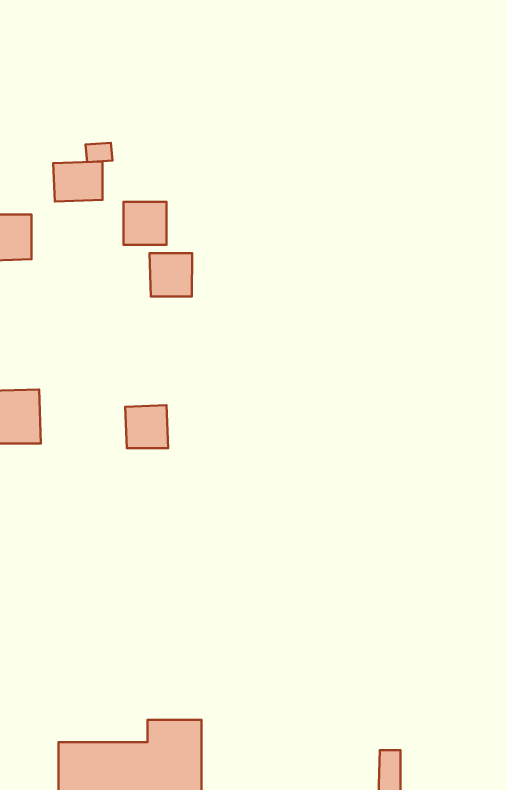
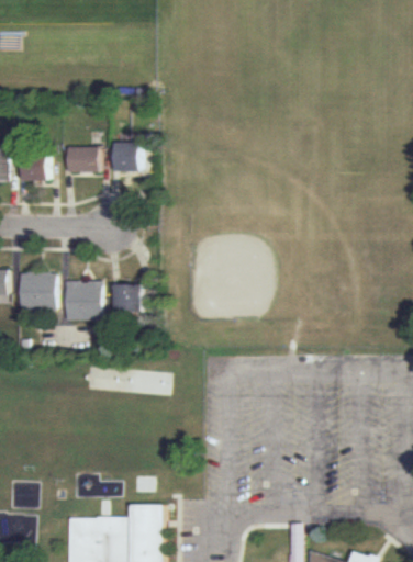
building: [53,162,103,201] -> [66,148,100,176]
building: [149,253,192,296] -> none
building: none -> [63,280,101,321]

